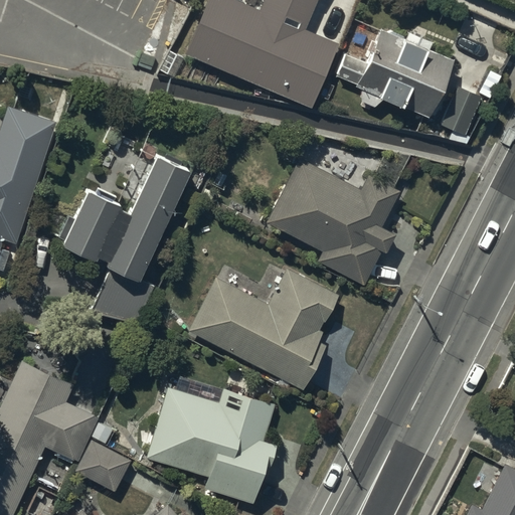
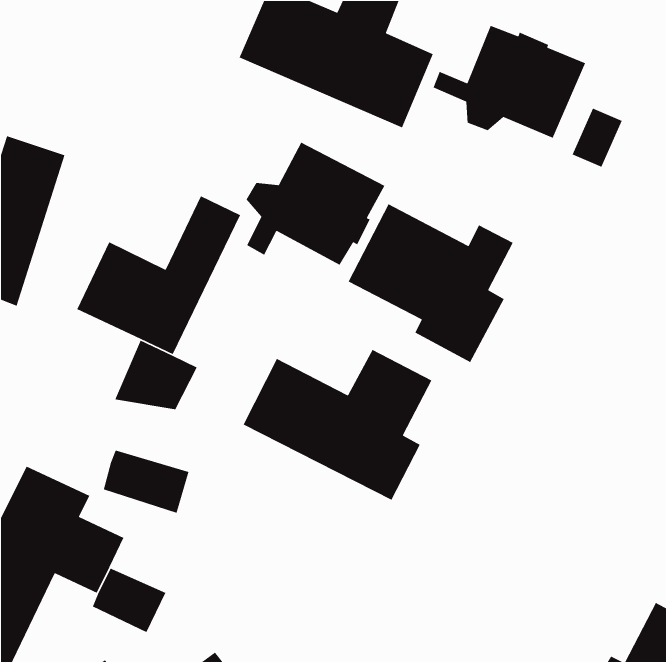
building: none -> [245,142,385,266]
building: none -> [103,449,190,514]
building: [150,391,276,502] -> none

